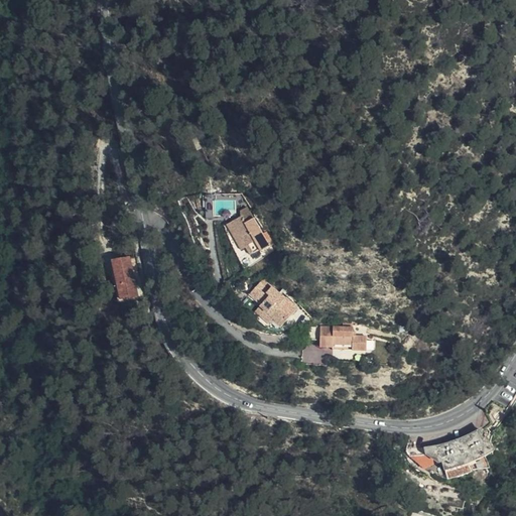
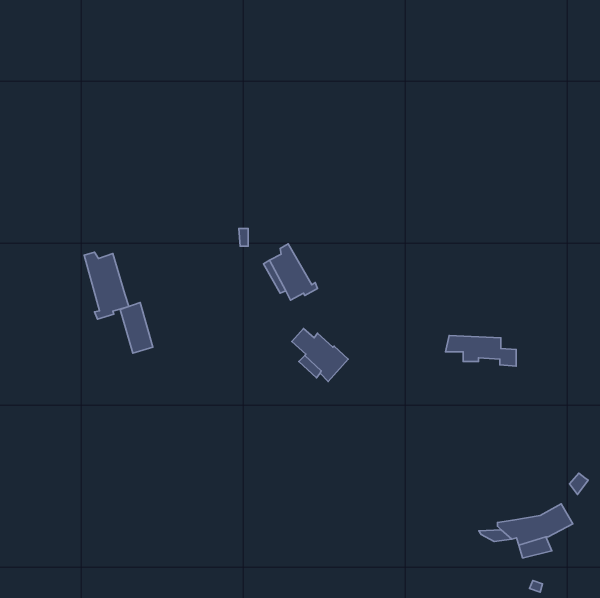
building: none -> [84,252,129,319]
building: [305,325,366,351] -> [446,336,516,366]

